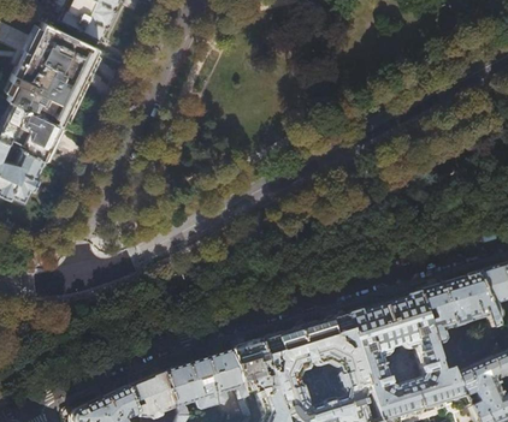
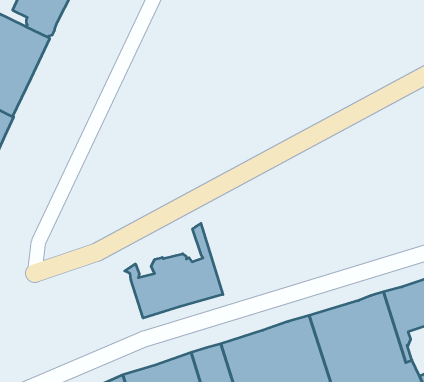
building: none -> [125,223,223,318]

